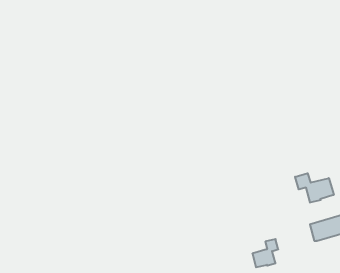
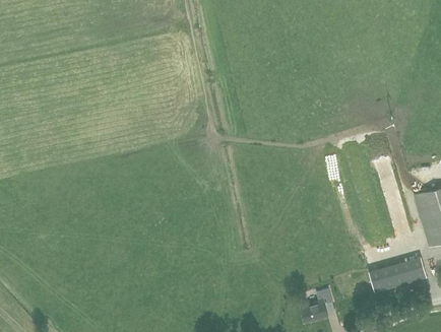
building: [295,173,334,203] -> none

